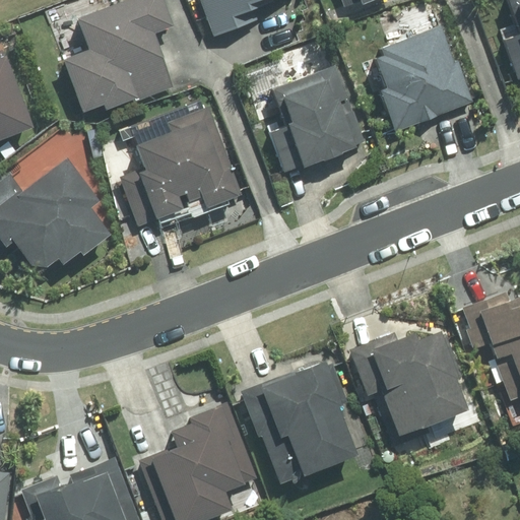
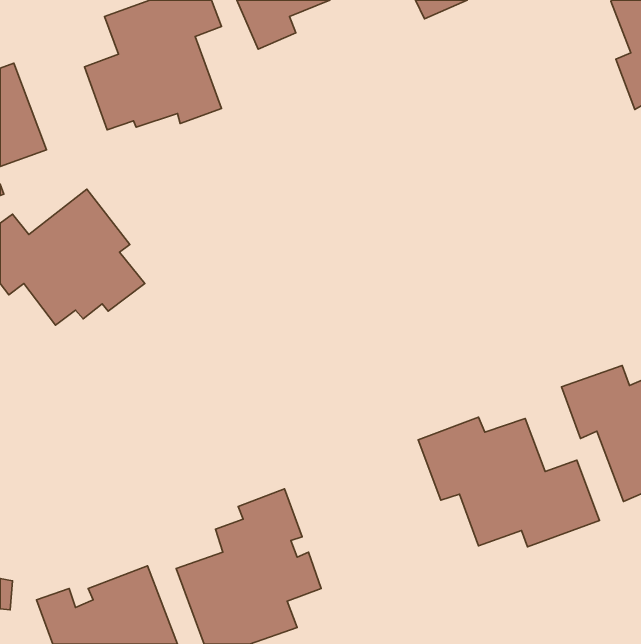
building: [364,29,467,135] -> none
building: [260,68,344,185] -> none
building: [120,106,232,223] -> none
building: [248,360,351,481] -> none

